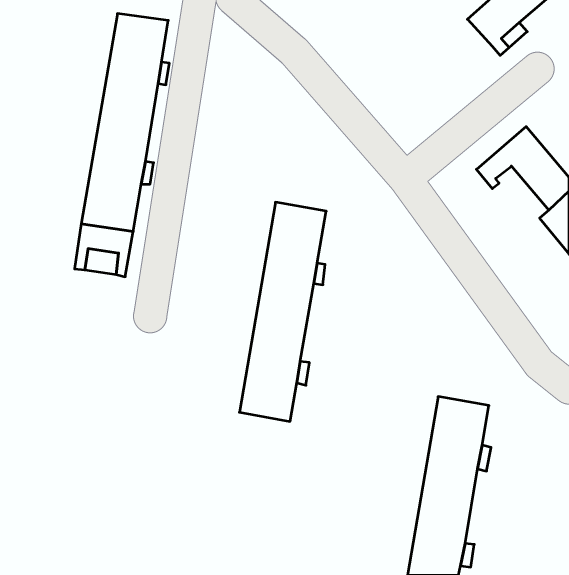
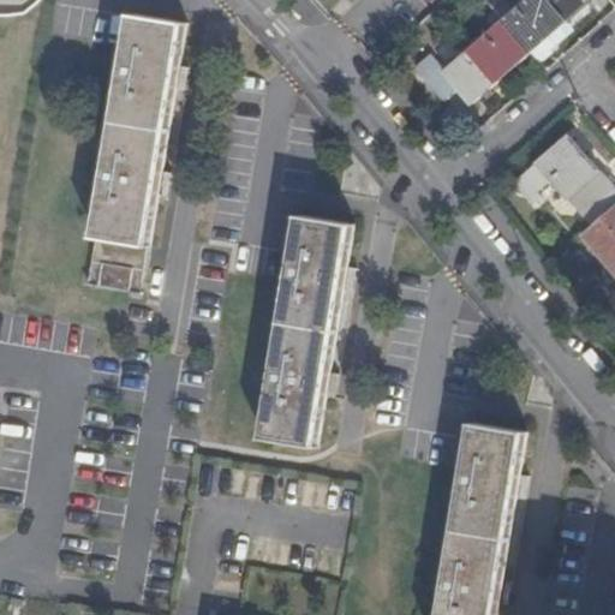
building: none -> [408,20,524,102]

